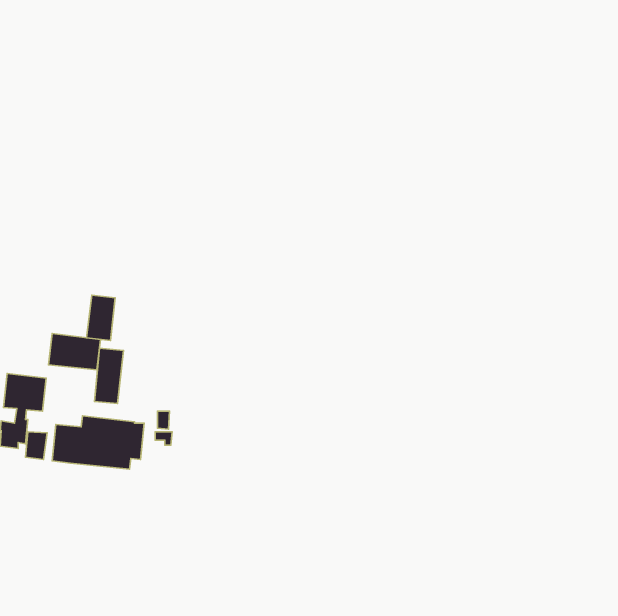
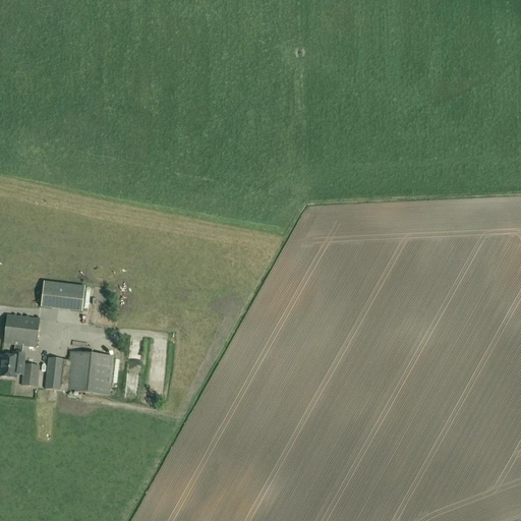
building: [86,295,115,341] -> none
building: [94,348,124,404] -> none

